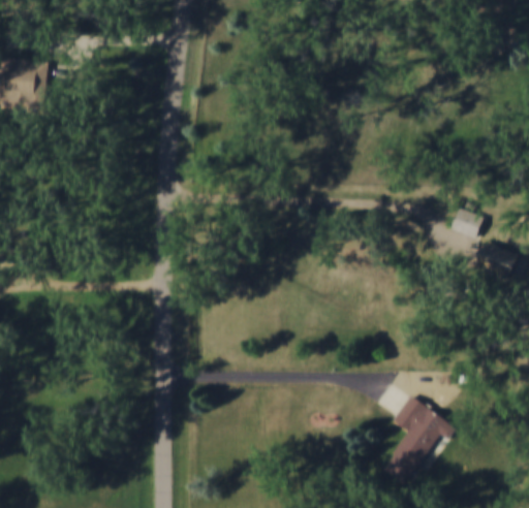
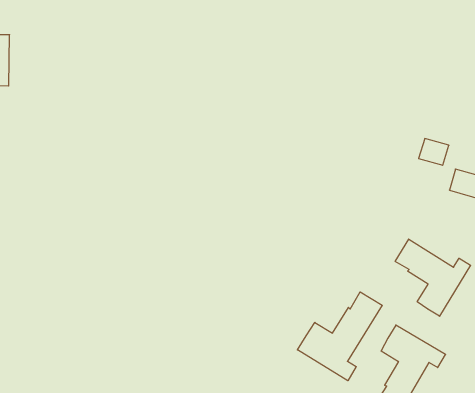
building: none -> [395,239,471,316]
building: none -> [297,292,382,381]

